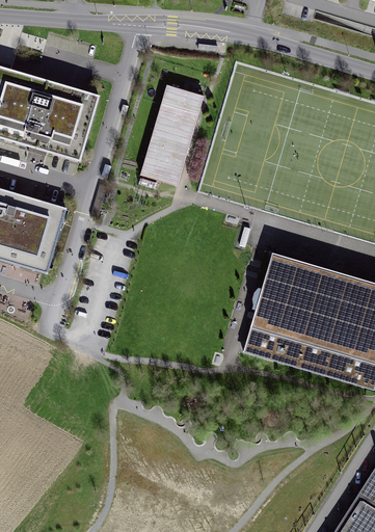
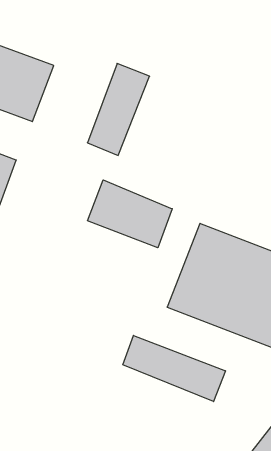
building: none -> [87,180,172,248]
building: none -> [123,335,225,402]

